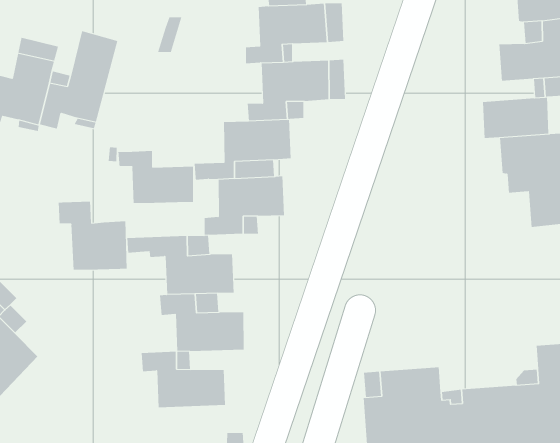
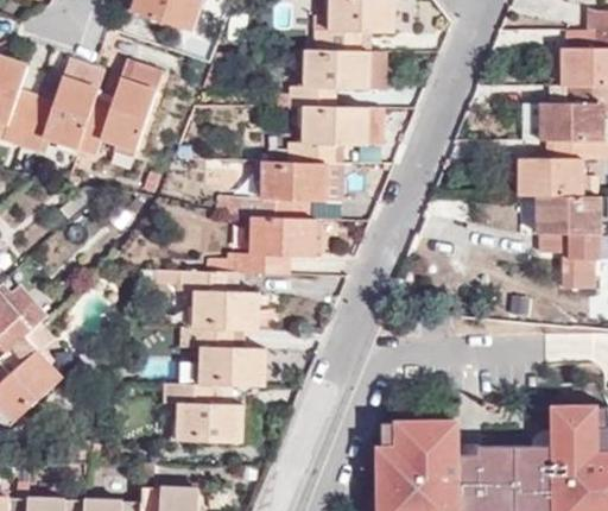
building: [118,150,194,204] -> none
building: [58,201,127,270] -> none

